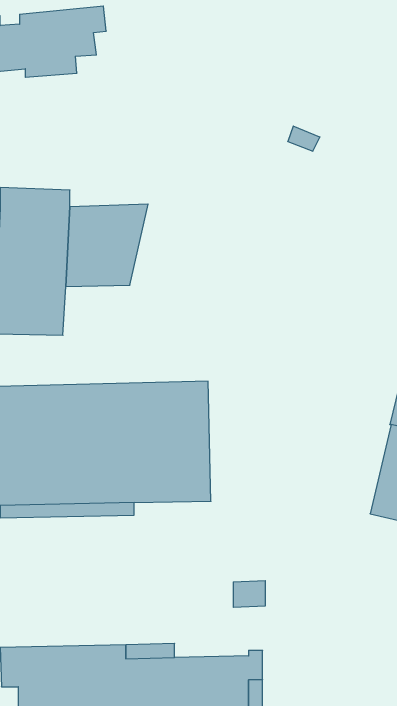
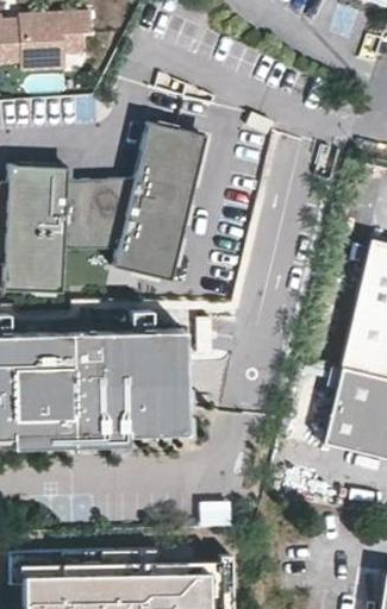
building: none -> [114,121,206,280]

